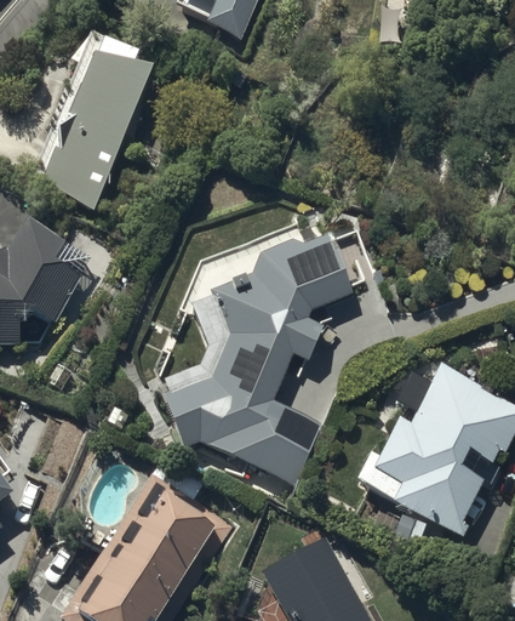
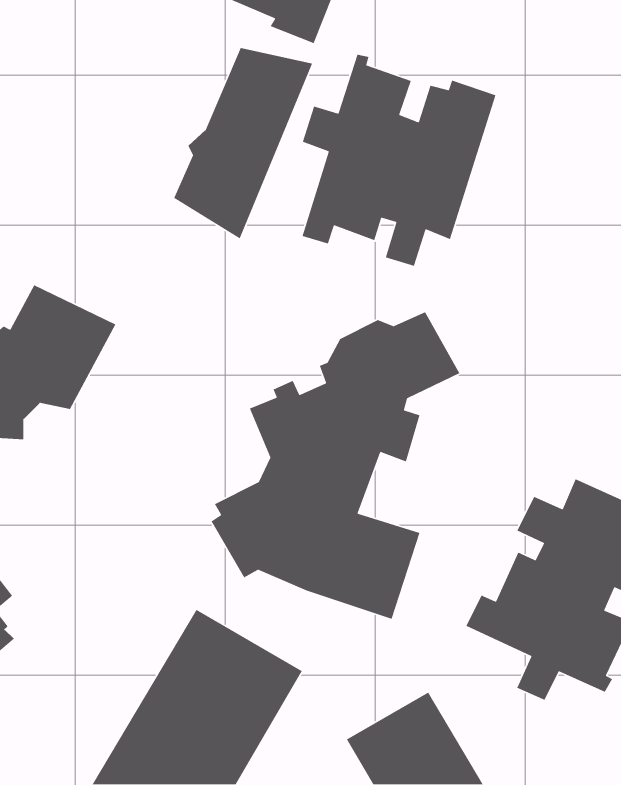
building: none -> [302,54,496,267]
building: [44,59,150,206] -> [173,47,313,240]

